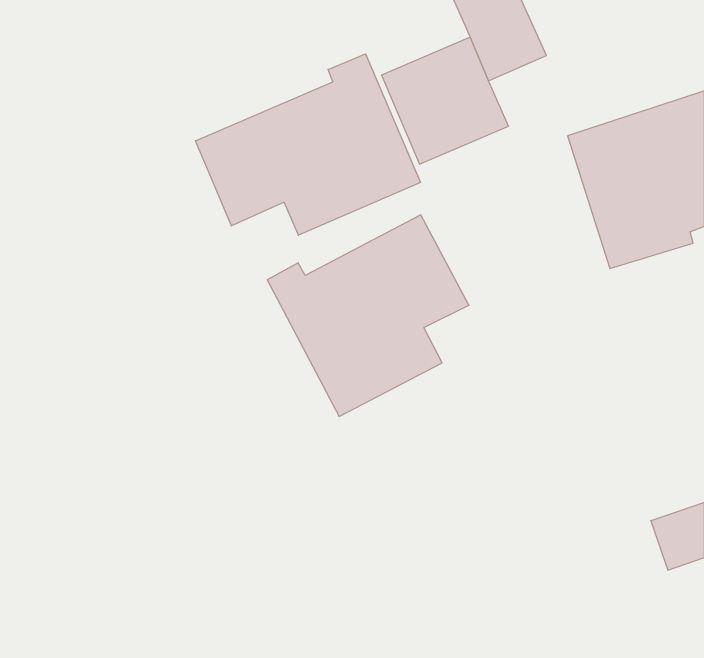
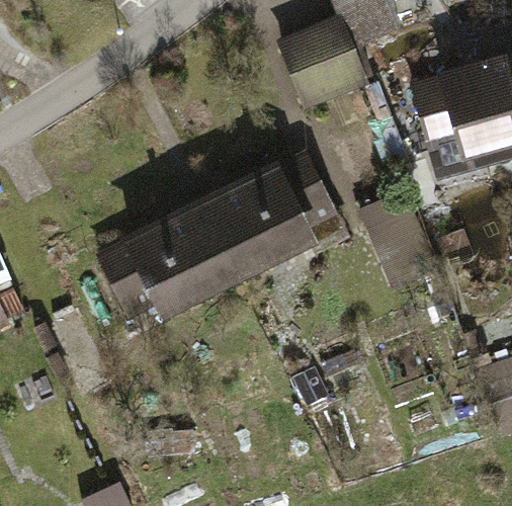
building: [195,54,420,235] -> none
building: none -> [87,205,245,344]

